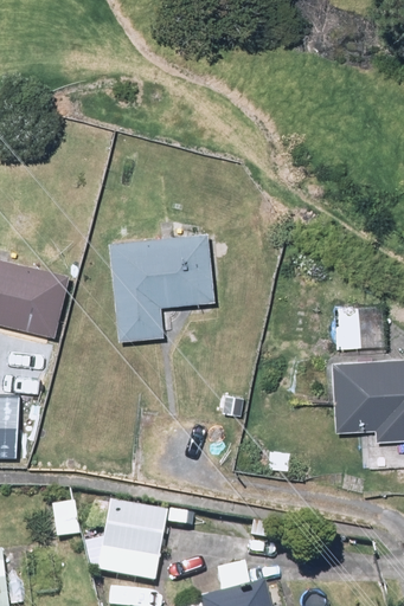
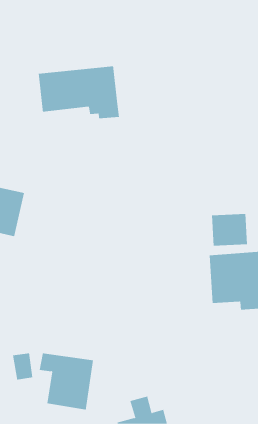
building: none -> [38,66,119,119]
building: [107,230,216,343] -> none

